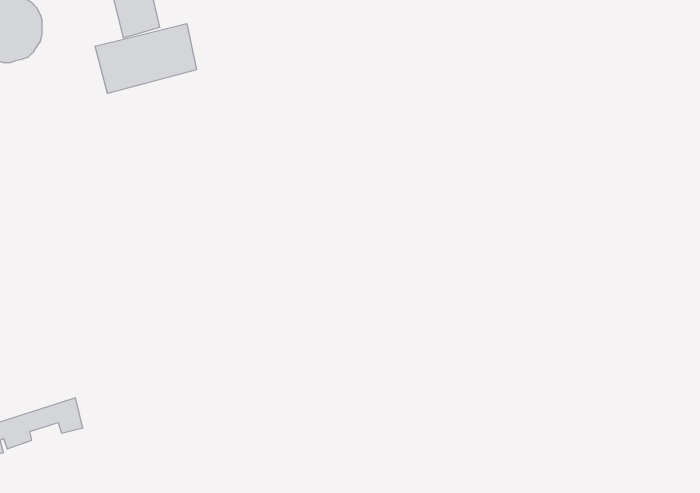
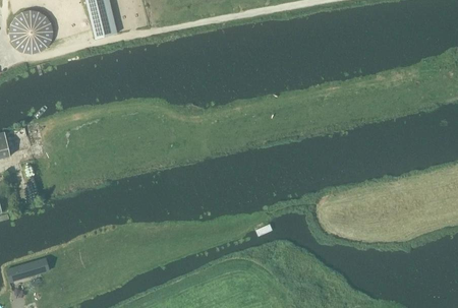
building: [95,24,197,93] -> none

